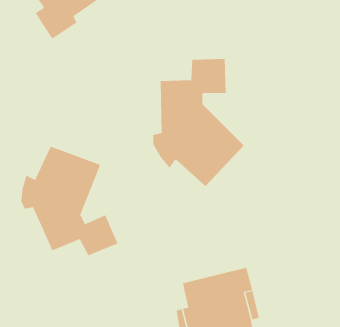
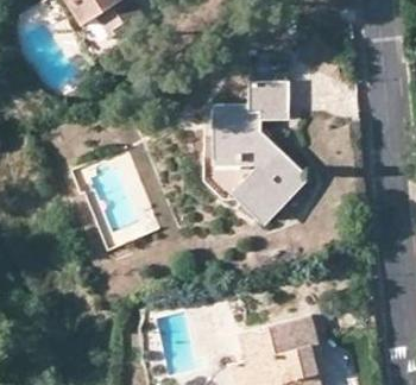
building: [21,146,118,256] -> none

